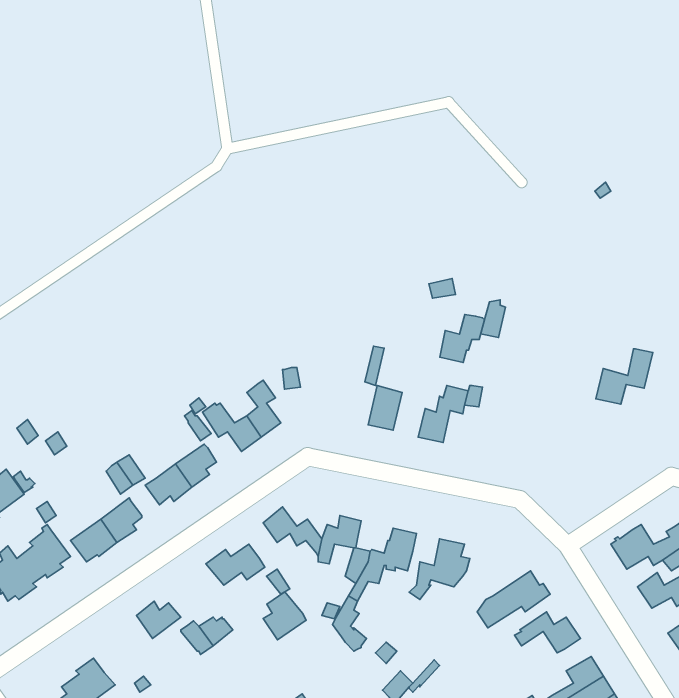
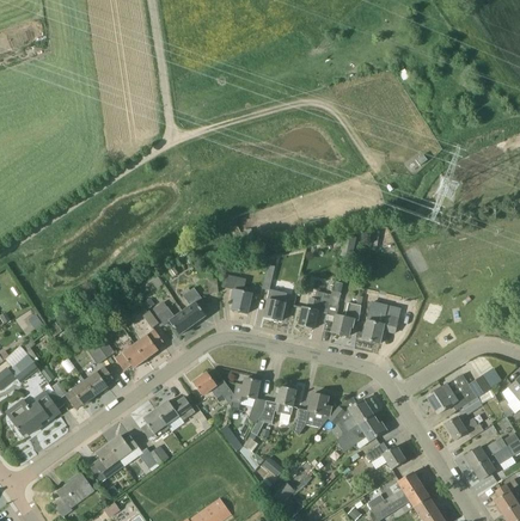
building: [440,314,484,363] -> [332,302,362,335]
building: [596,349,653,404] -> [362,305,400,342]
building: none -> [222,272,252,312]
building: none -> [328,398,373,430]
building: [263,592,306,640] -> [141,409,170,441]
building: none -> [88,443,120,482]

